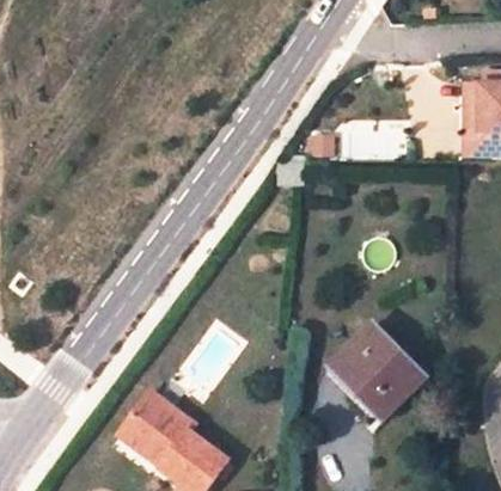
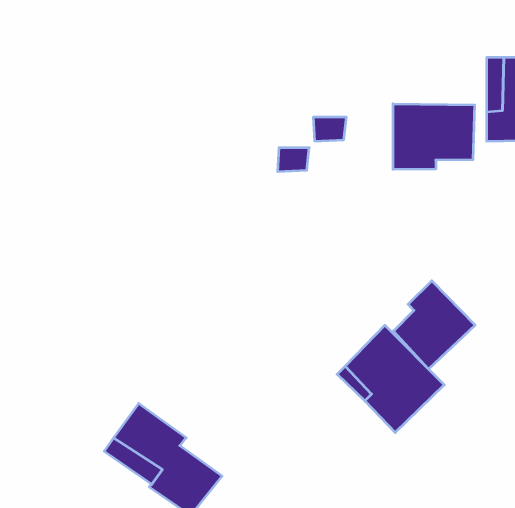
building: none -> [393,104,475,169]
building: none -> [393,281,475,369]

